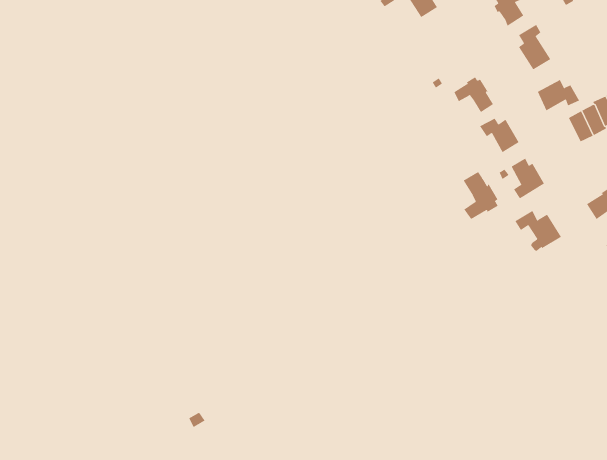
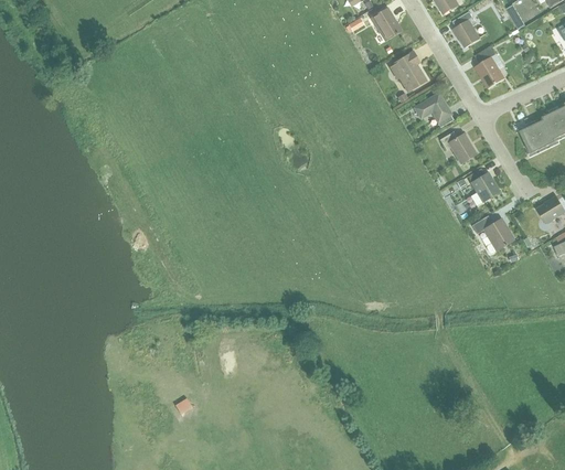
building: none -> [390,51,426,93]
building: [537,79,580,111] -> none
building: [463,171,498,220] -> none

